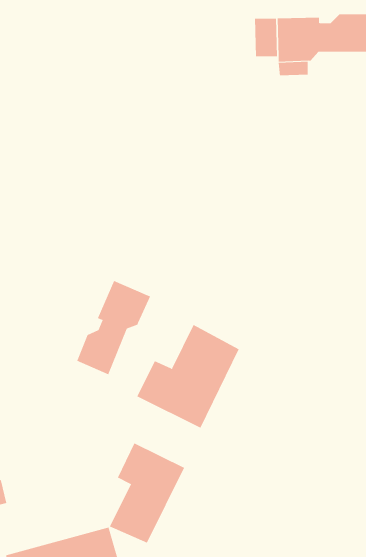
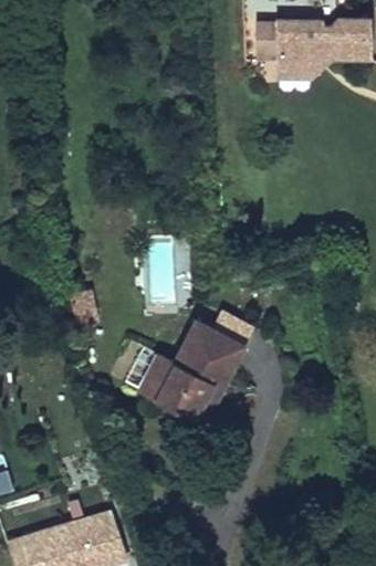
building: [76,280,151,375] -> none
building: [109,443,185,544] -> none

